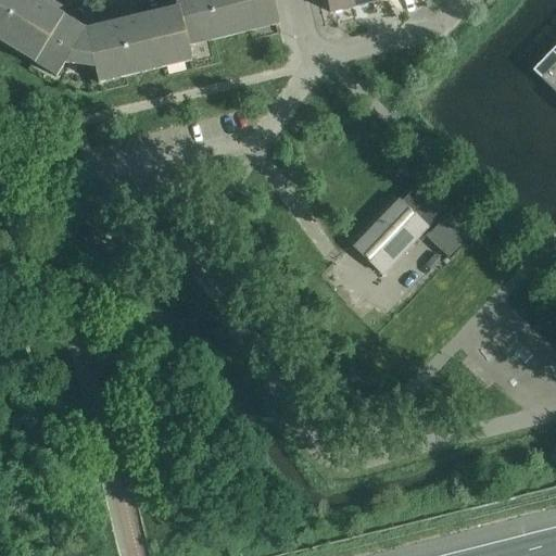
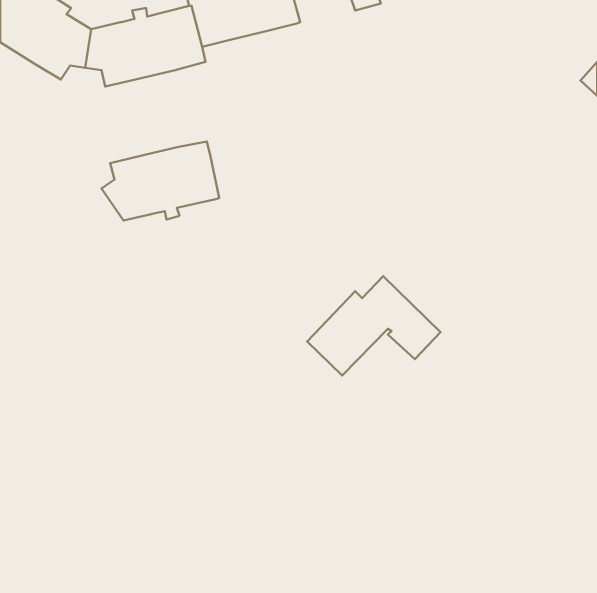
building: none -> [102,141,219,221]
building: [350,179,473,271] -> [307,276,440,375]

